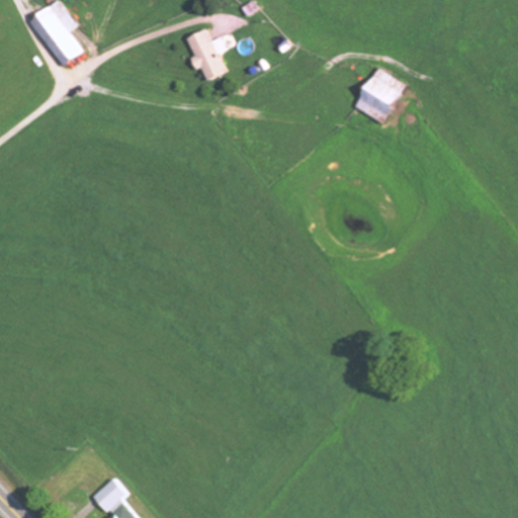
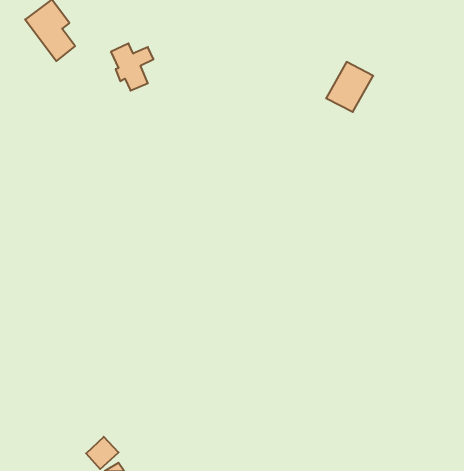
building: [186,28,233,80] -> [111,43,154,91]

